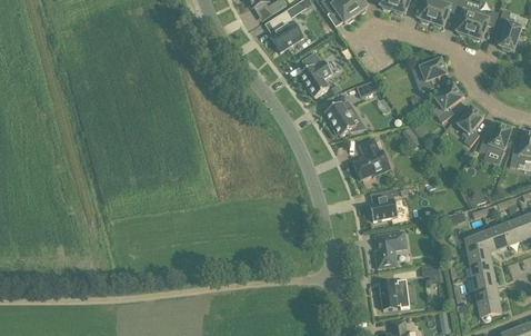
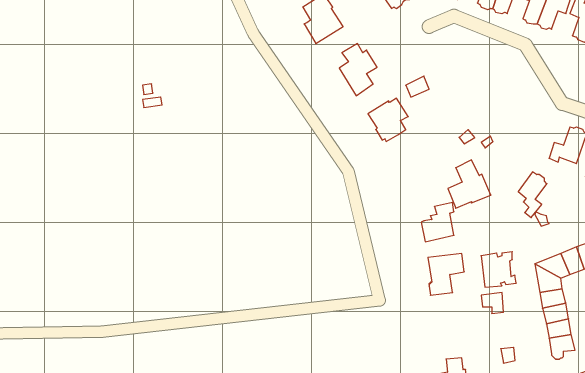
building: [415,58,447,91] -> none
building: [433,83,462,121] -> none
building: [459,106,483,145] -> [518,172,547,218]
building: [353,137,390,178] -> [448,160,491,208]
building: [380,278,410,308] -> [481,252,516,287]

